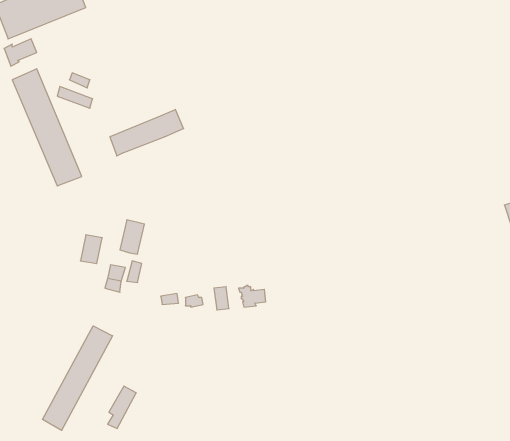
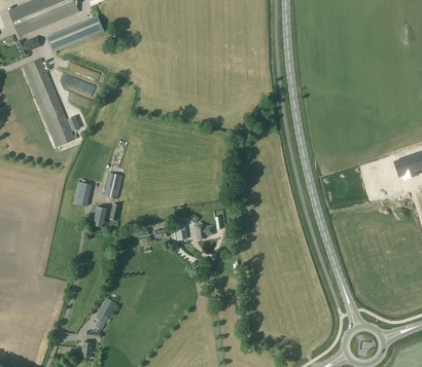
building: [110,110,184,156] -> [48,16,104,51]
building: [42,326,113,430] -> none

